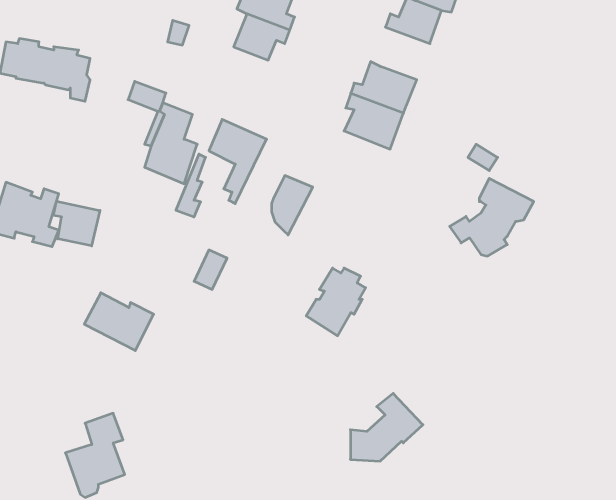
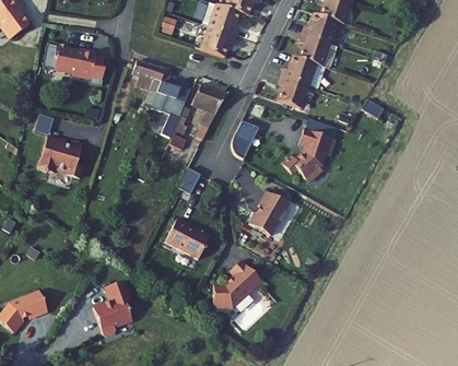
building: none -> [301,29,341,64]
building: [450,178,534,256] -> [281,128,337,179]
building: [54,201,100,246] -> none
building: [84,293,154,351] -> [169,221,215,259]
building: [350,393,423,461] -> [218,260,266,305]

